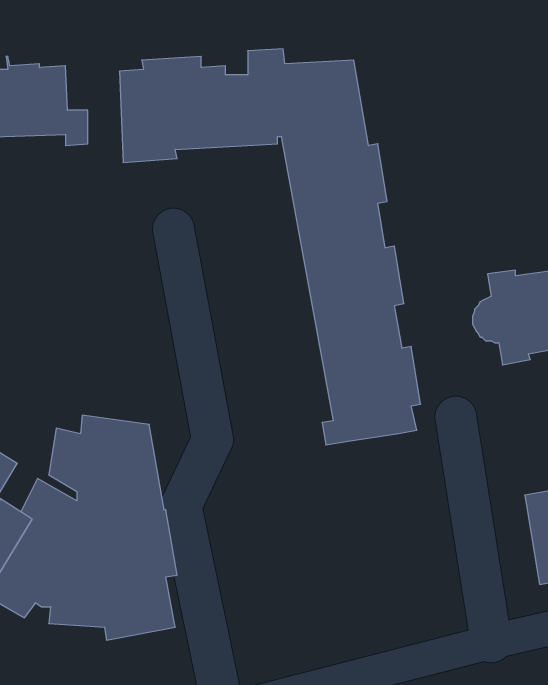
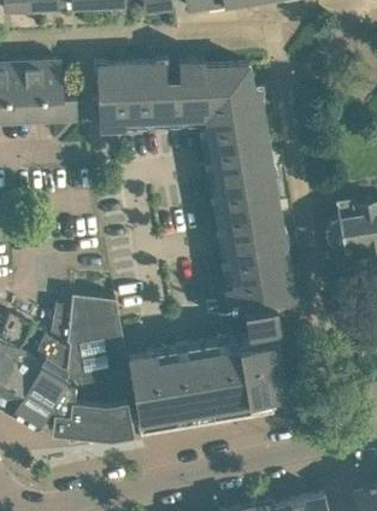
building: none -> [129,309,285,430]

